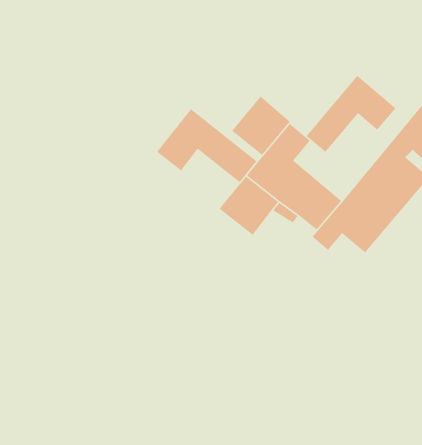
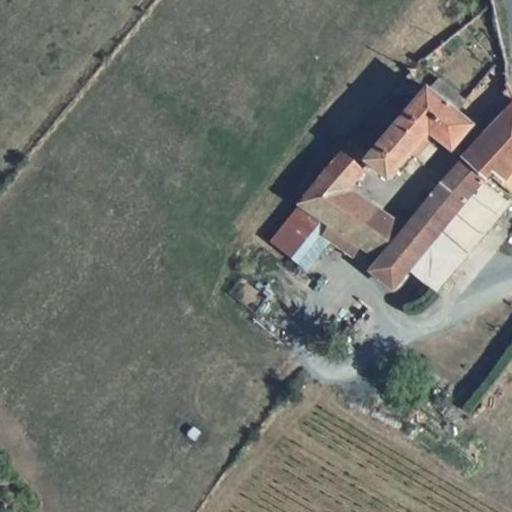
building: [231,95,291,156] -> none
building: [156,108,258,183] -> none

